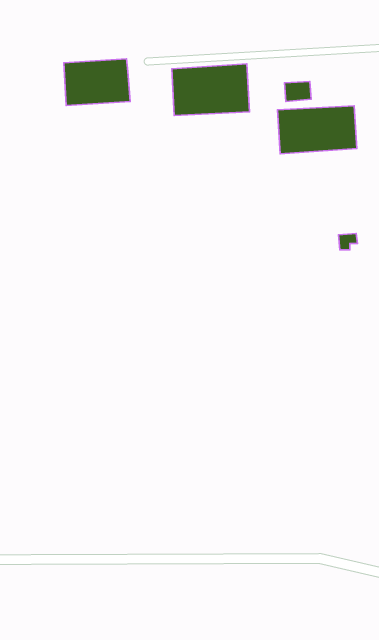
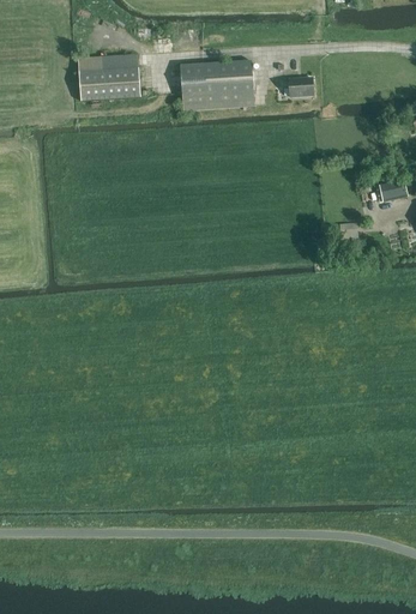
building: [277,106,357,154] -> none

